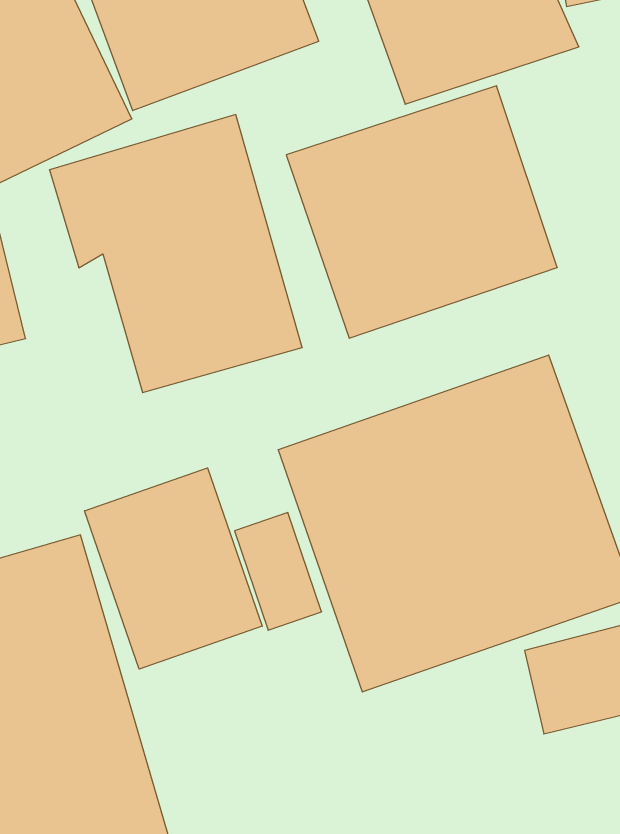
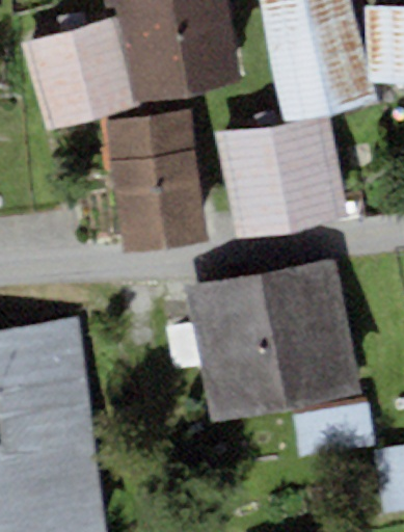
building: [85,468,262,669] -> none

